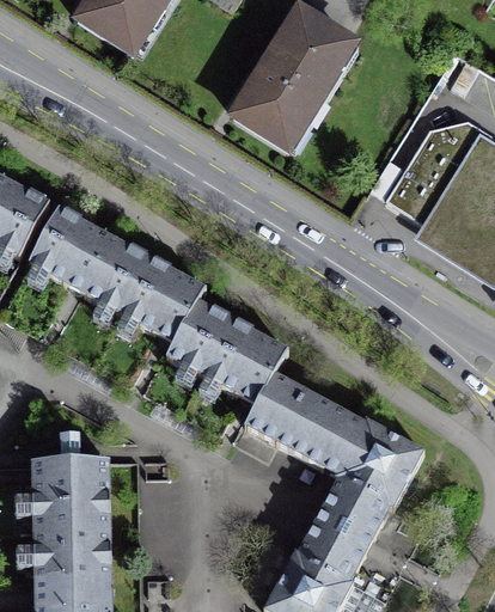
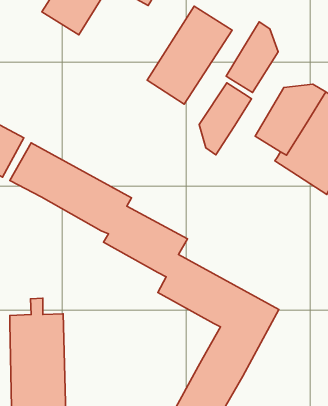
building: none -> [226,22,278,93]
building: none -> [199,83,251,155]

